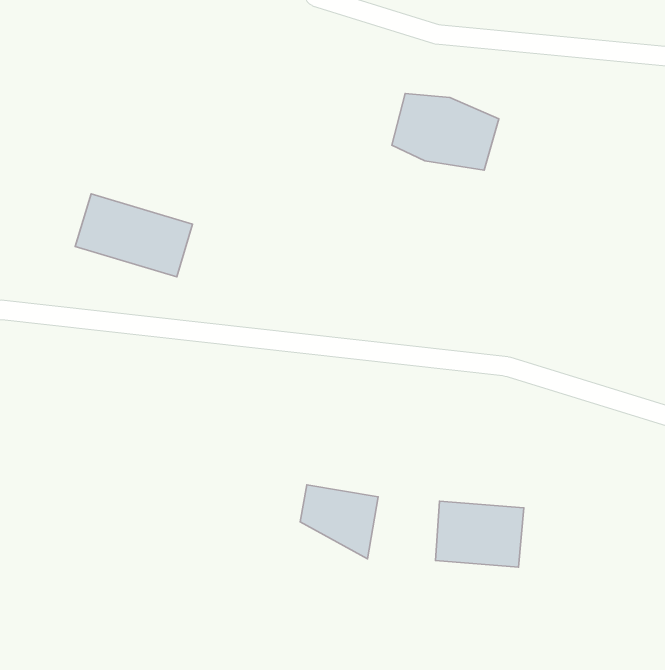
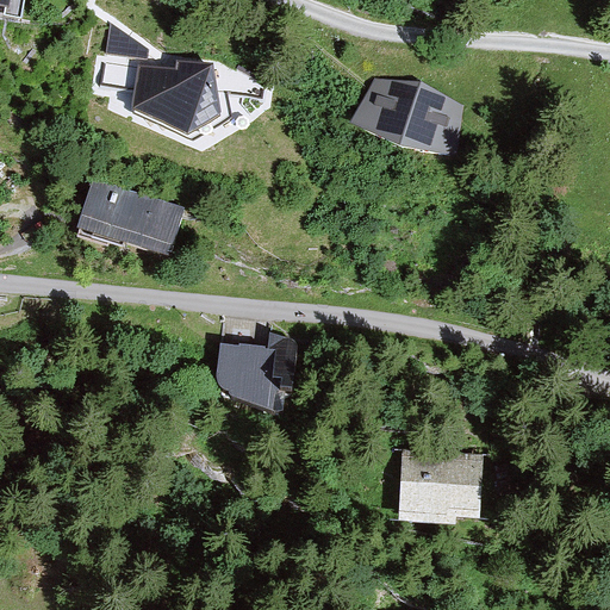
building: none -> [135,71,220,139]
building: [300,485,378,559] -> [214,344,285,411]

